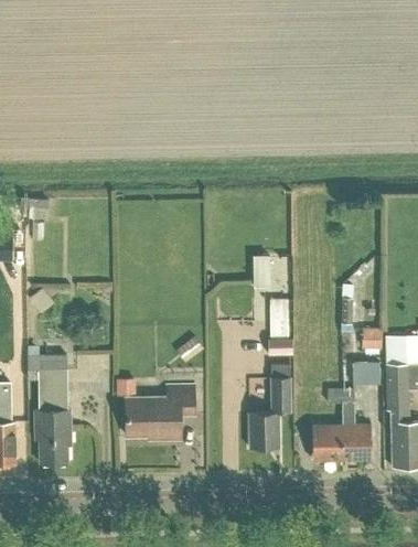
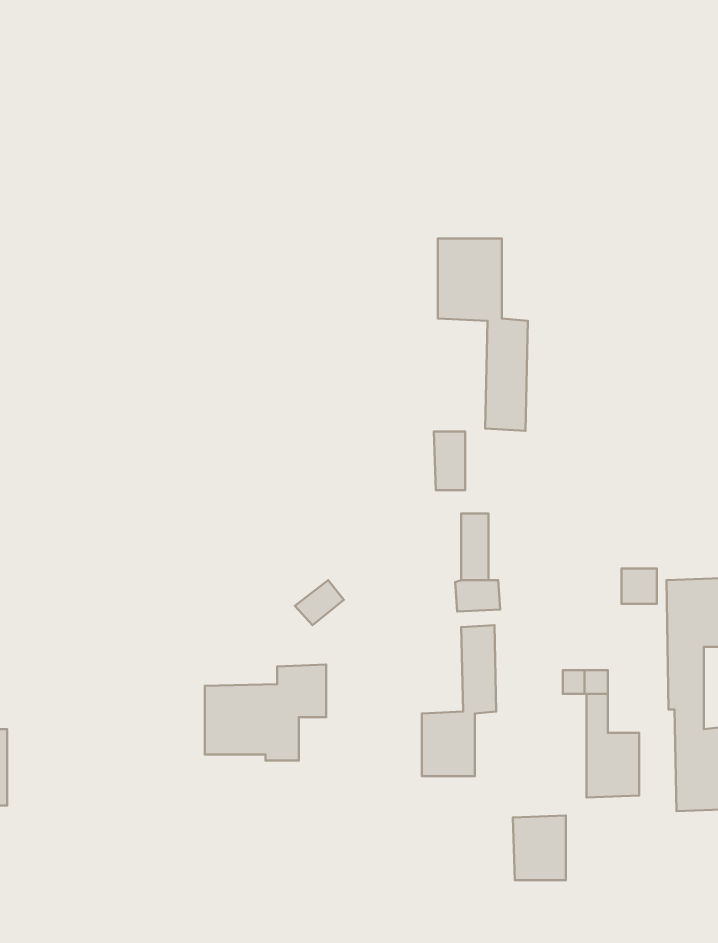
building: none -> [438,238,528,431]
building: [26,356,71,464] -> none
building: [354,361,383,384] -> none
building: [311,425,341,461] -> [513,816,566,880]

